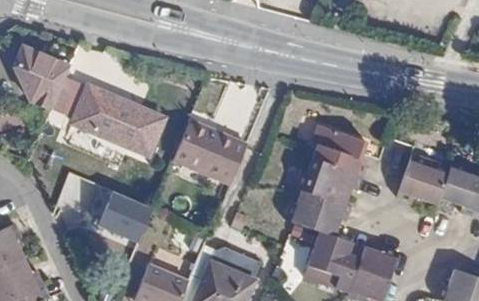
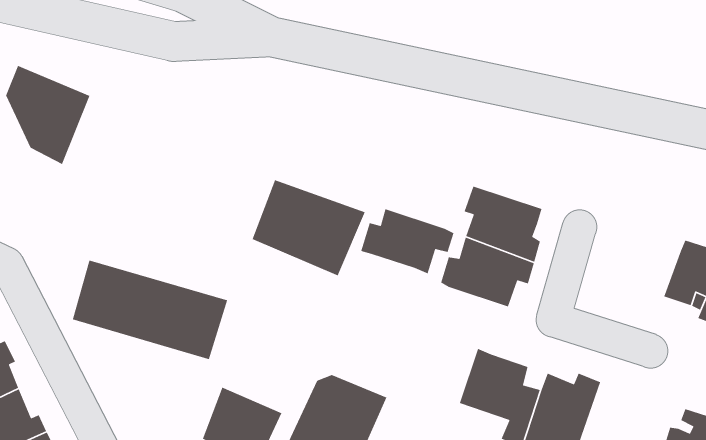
building: [73,85,165,156] -> none
building: [397,155,451,205] -> none
building: [285,192,346,235] -> [360,208,454,275]

